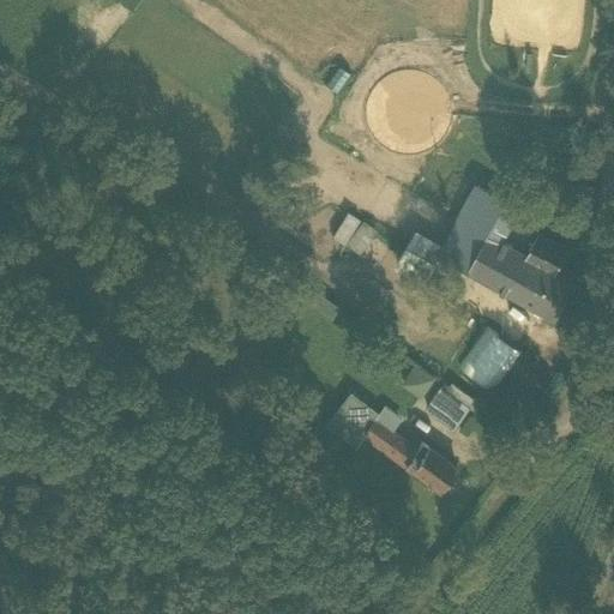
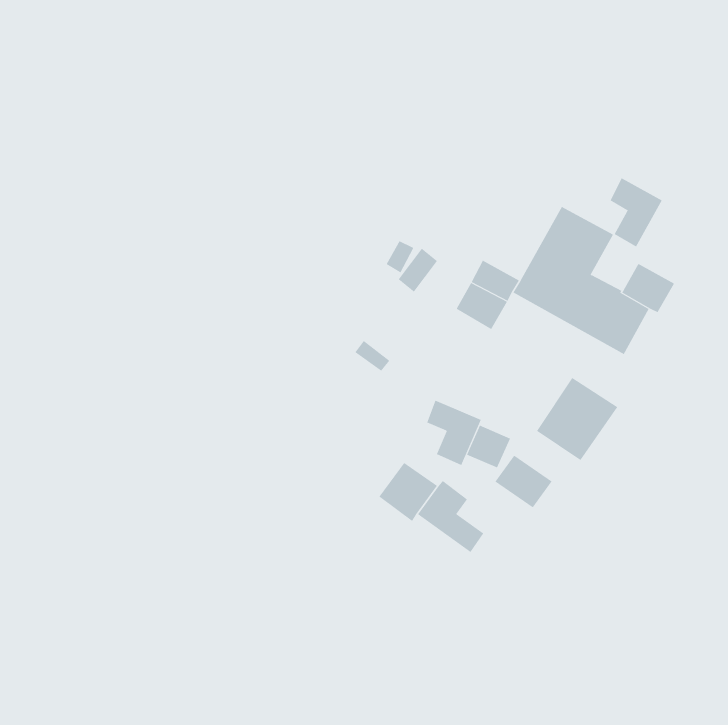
building: none -> [610,178,663,247]
building: [526,271,574,324] -> none
building: none -> [426,400,481,466]
building: [403,444,455,493] -> none

